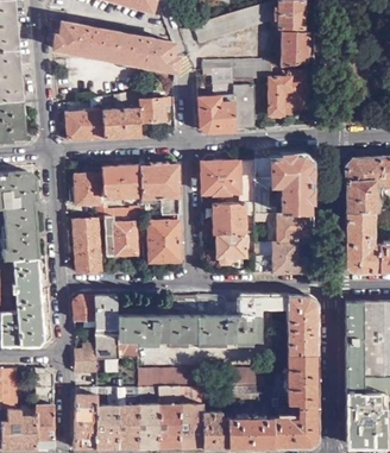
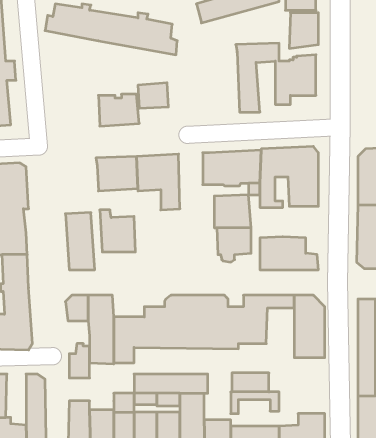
building: [196,70,235,133] -> none
building: [65,111,105,141] -> none
building: [75,176,99,206] -> none
building: [254,214,309,244] -> none
building: [149,222,180,263] -> none
building: [287,356,315,408] -> none

